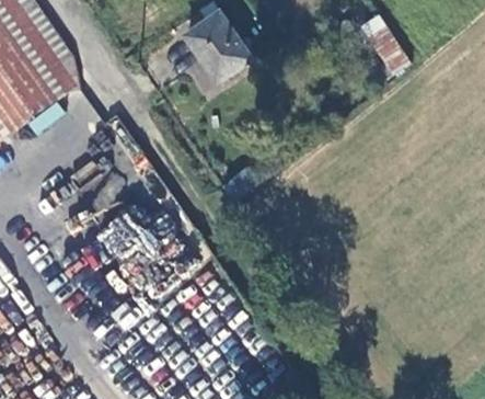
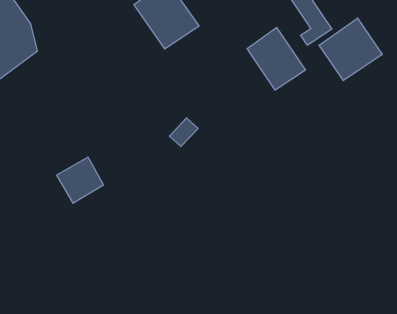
building: none -> [319,18,382,81]
building: none -> [247,27,305,90]

